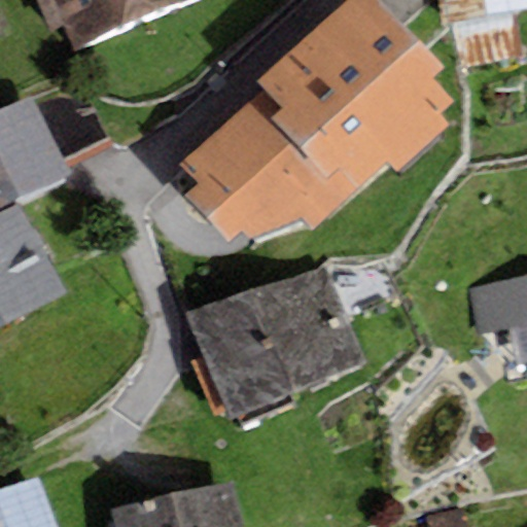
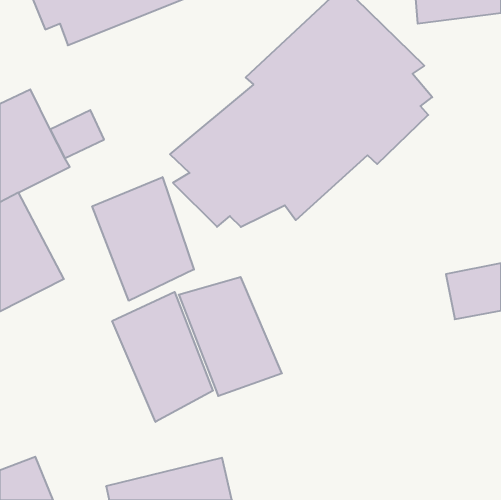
building: none -> [92,177,194,301]
building: [252,271,364,391] -> none
building: none -> [112,292,213,422]

